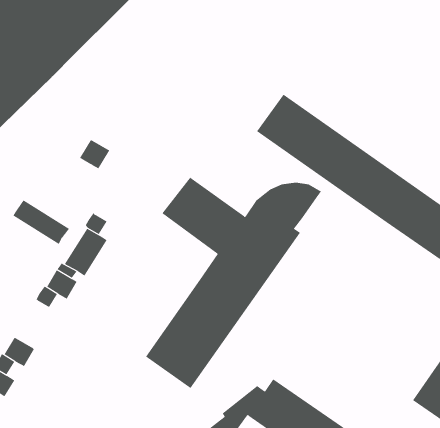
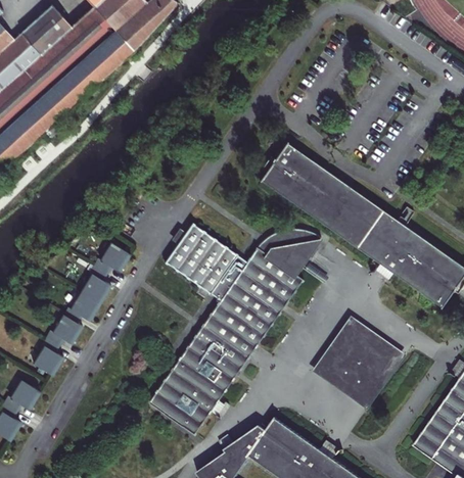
building: [79,139,110,169] -> [100,242,131,272]
building: [12,199,70,245] -> none
building: none -> [309,316,402,408]
building: none -> [34,345,63,374]

